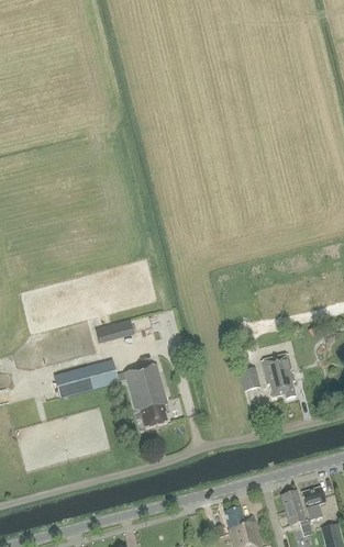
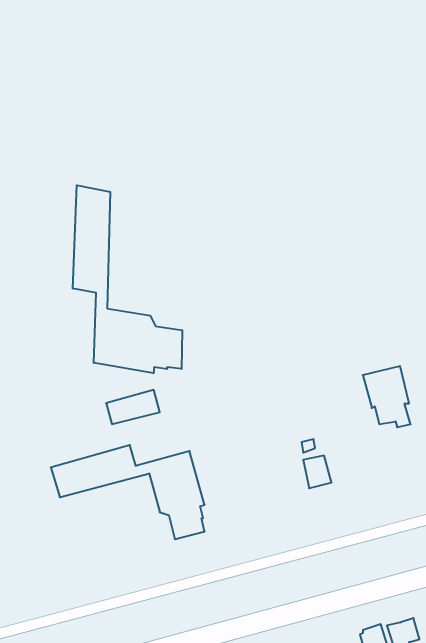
building: none -> [73,185,182,373]
building: [260,354,296,399] -> [363,366,411,427]

